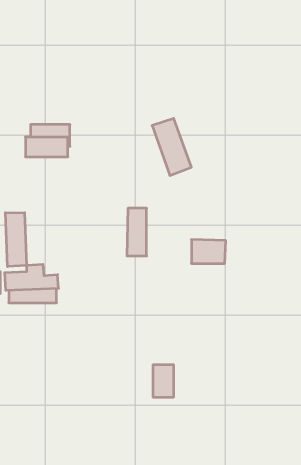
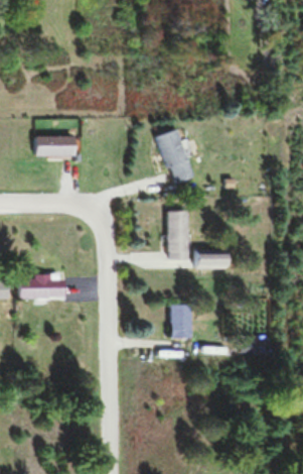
building: [127,208,147,256] -> [168,210,187,256]
building: [5,213,26,267] -> none
building: [153,365,174,397] -> [170,316,190,347]

